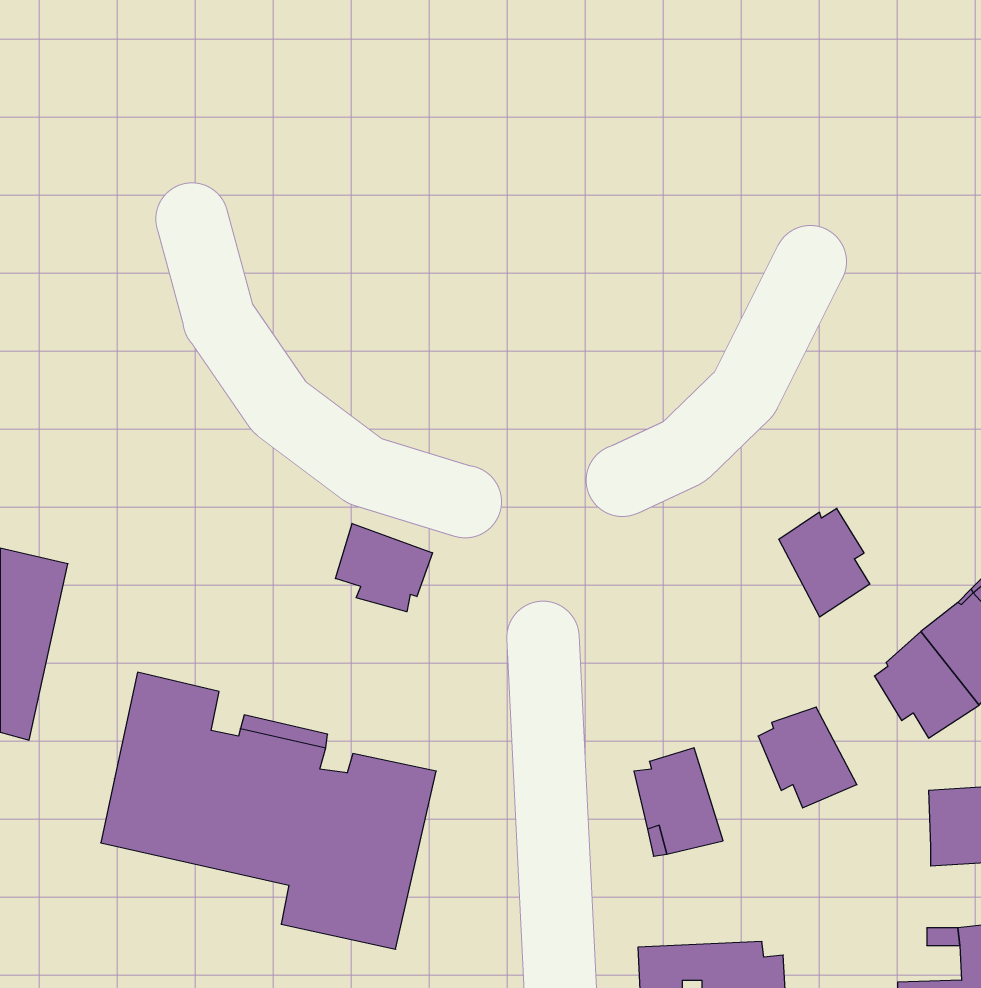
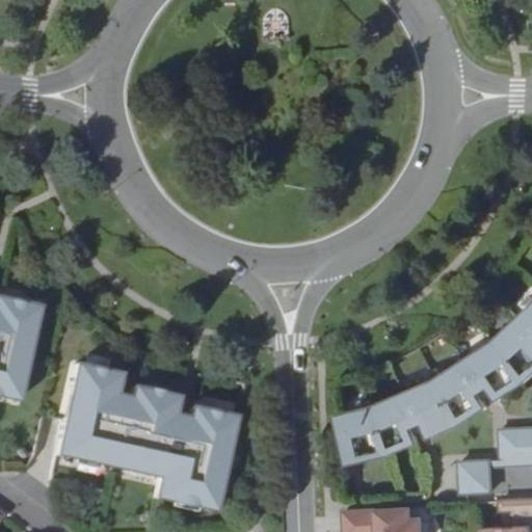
building: [779,508,870,617] -> [443,364,491,422]
building: [335,523,433,612] -> none
building: none -> [377,395,424,452]
building: none -> [462,455,499,493]

